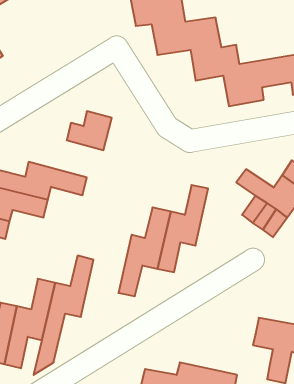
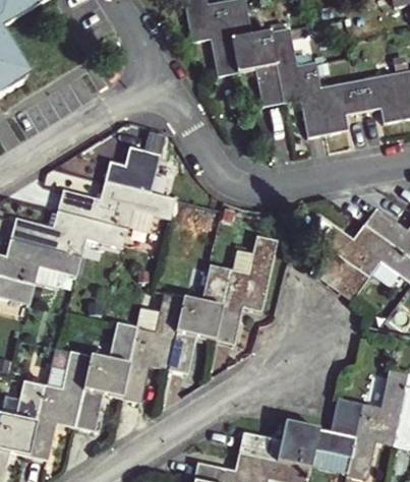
building: none -> [57,180,175,226]
building: none -> [121,291,183,402]
building: none -> [242,422,356,468]

